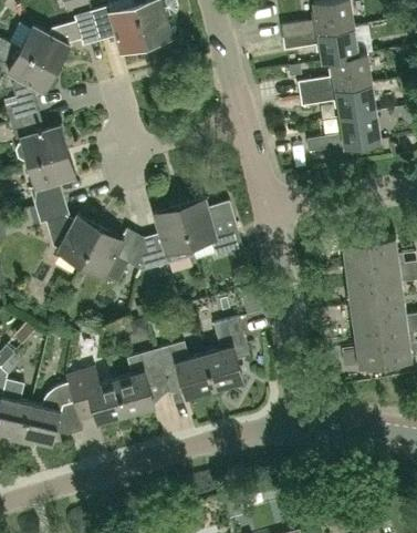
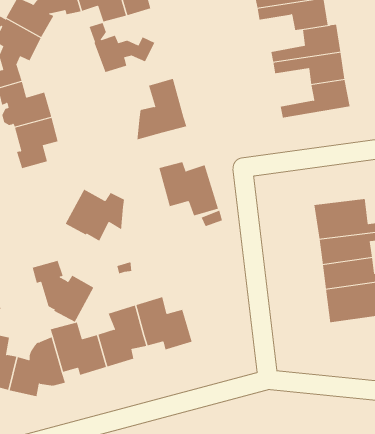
building: none -> [89,22,155,73]
building: [35,199,101,265] -> [32,260,94,322]
building: [140,206,194,271] -> [137,78,187,140]
building: [205,318,250,389] -> none

